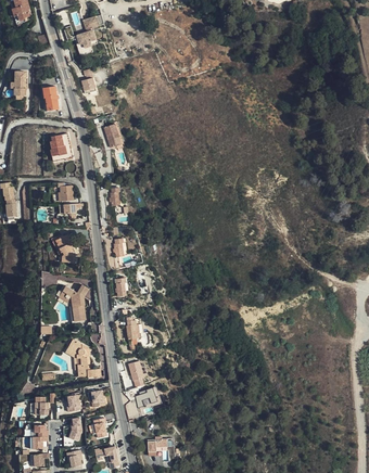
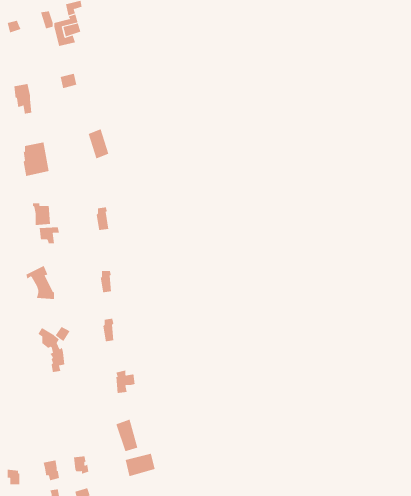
building: [68,340,92,378] -> none

